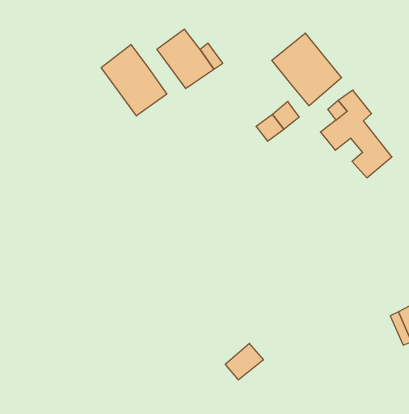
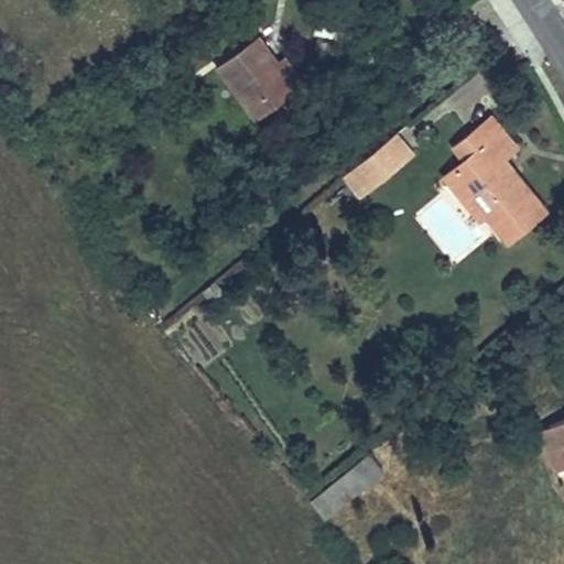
building: [272,33,342,106] -> none
building: [101,45,167,116] -> none

